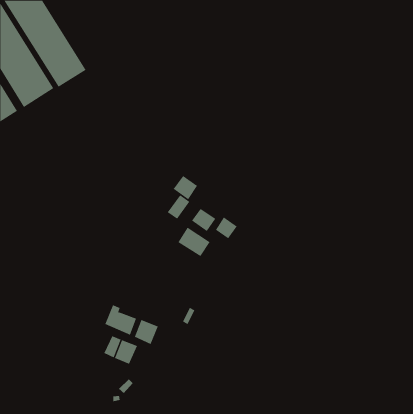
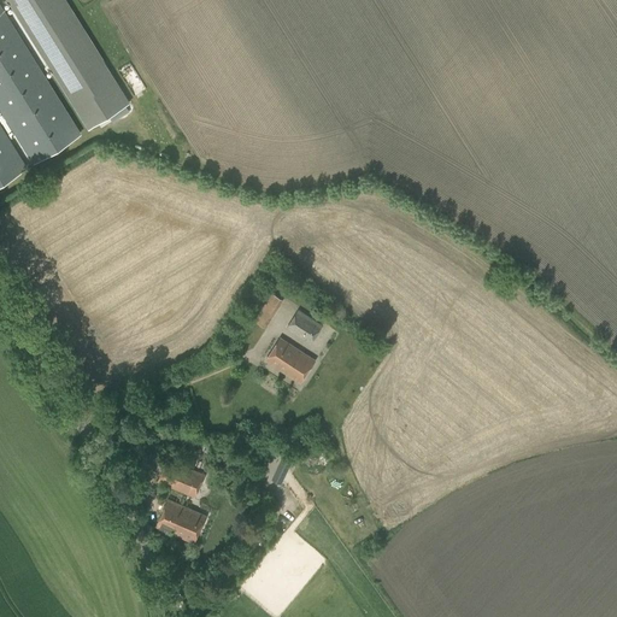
building: [173,175,198,200] -> none
building: [215,217,238,239] -> none
building: [134,319,159,345] -> none

